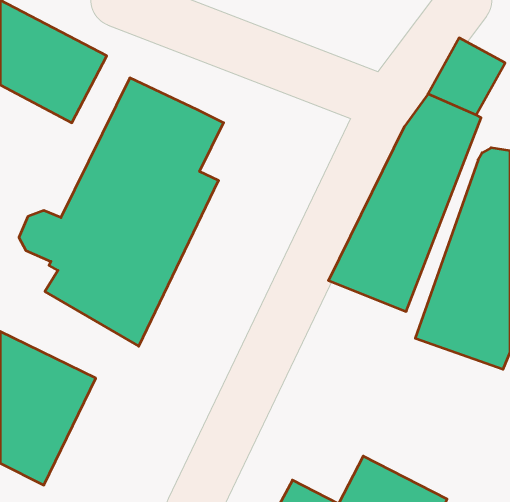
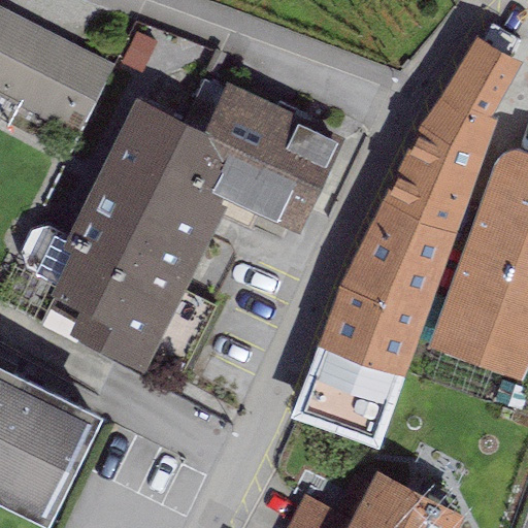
building: none -> [204,76,342,230]
building: none -> [290,298,420,458]

